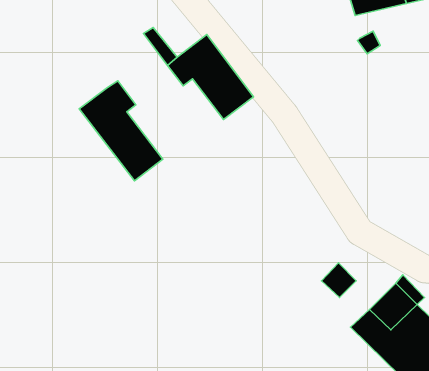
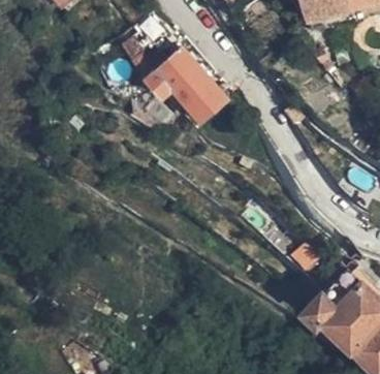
building: [79,81,163,181] -> none

